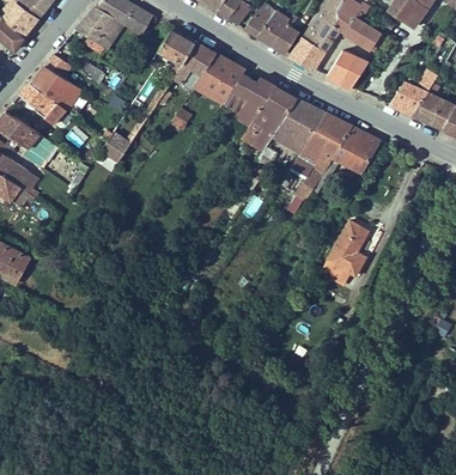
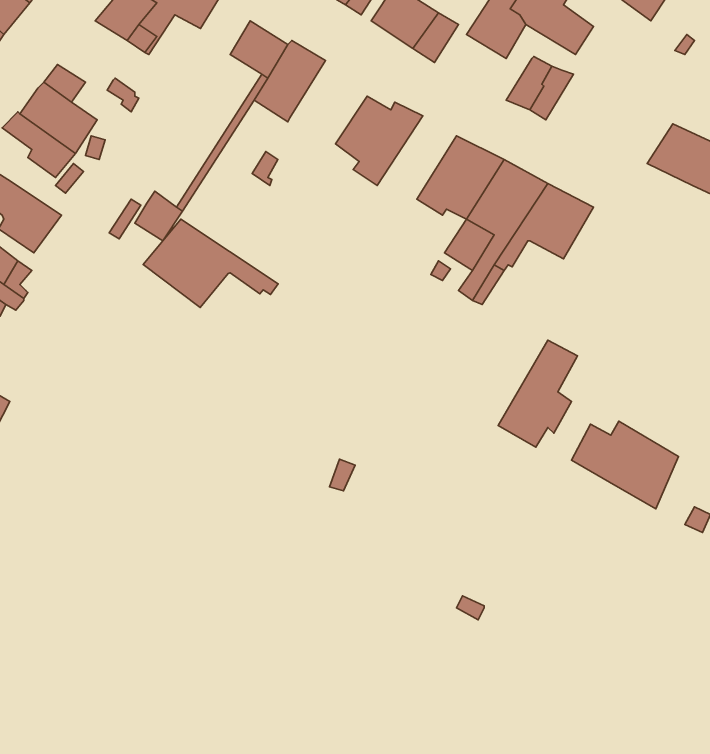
building: [288,37,326,69] -> none
building: [195,53,245,103] -> none
building: [389,71,433,115] -> none
building: [241,86,296,151] -> none
building: none -> [143,219,278,307]
building: none -> [571,421,679,509]

